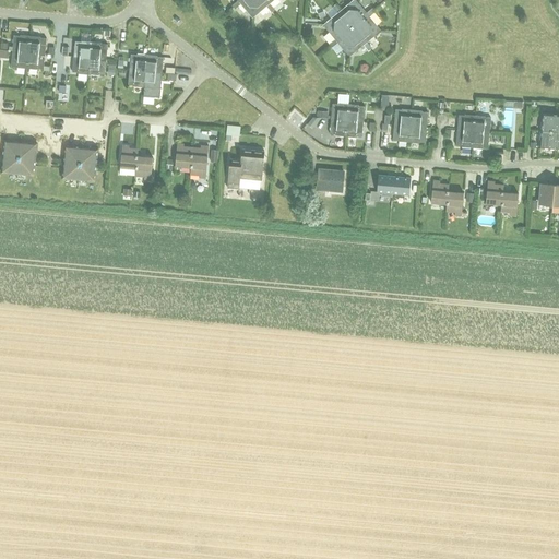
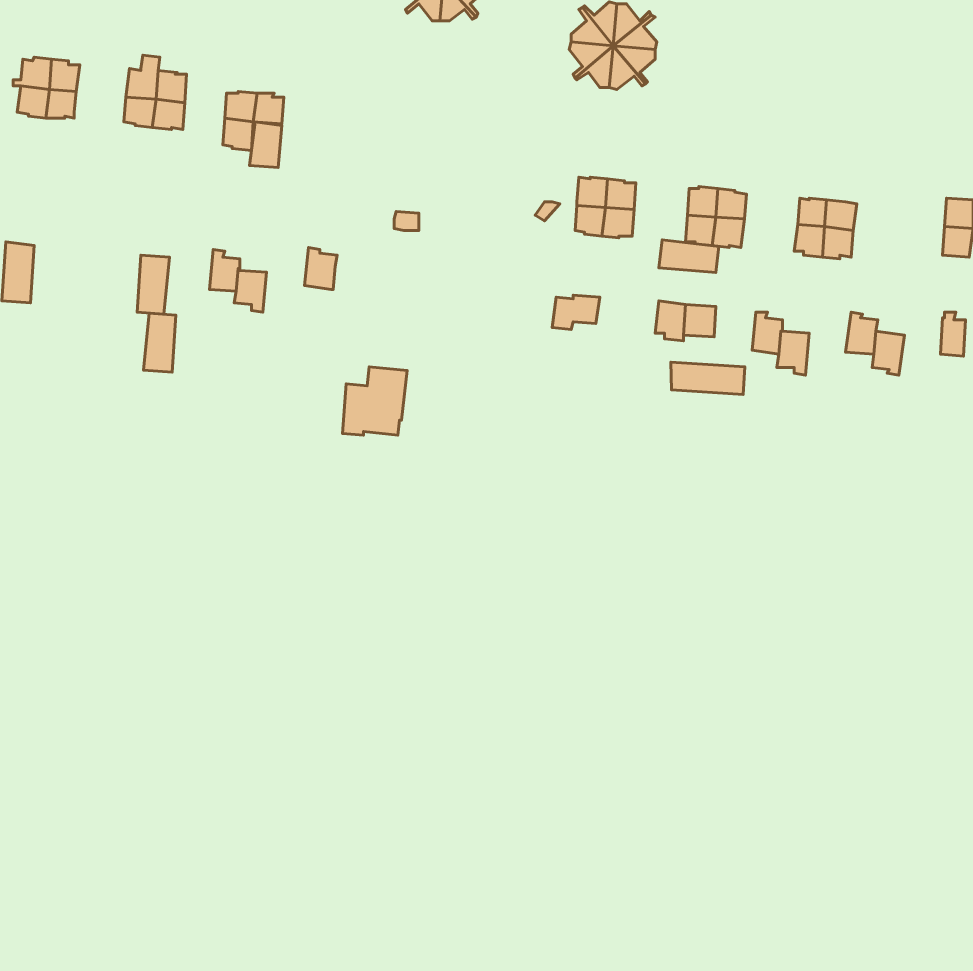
building: none -> [659,240,719,273]
building: [17,141,36,175] -> none
building: [190,144,209,177] -> none
building: [62,145,81,179] -> [143,313,176,372]
building: [227,148,264,188] -> [343,367,407,435]
building: none -> [671,362,745,394]

